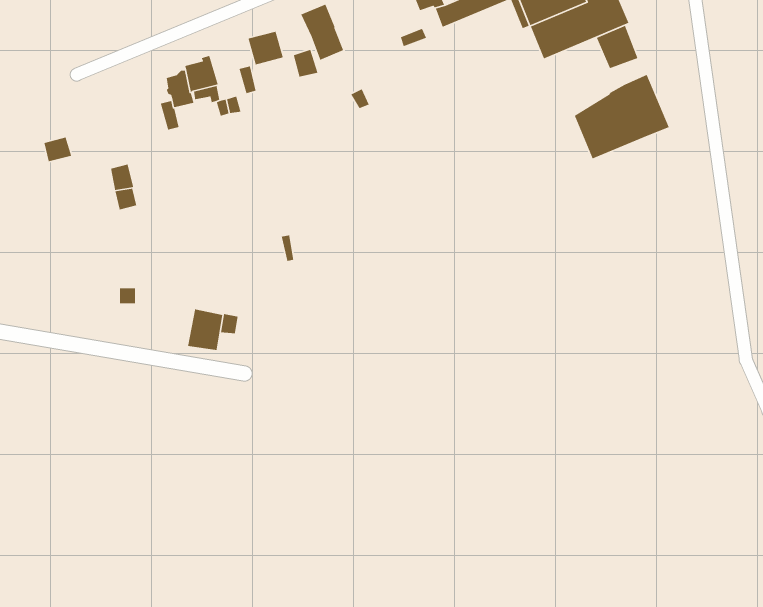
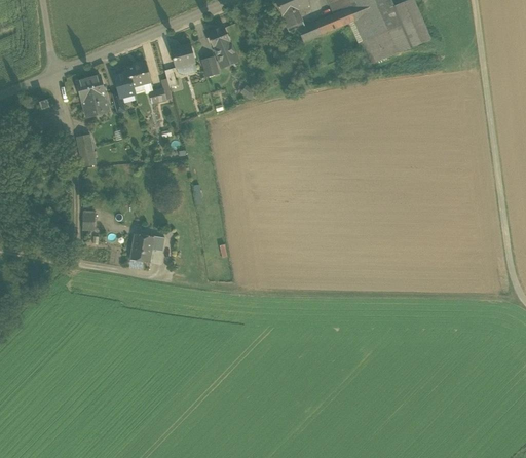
building: [596,25,638,69] -> none
building: [574,74,670,159] -> none
building: none -> [76,75,110,117]

